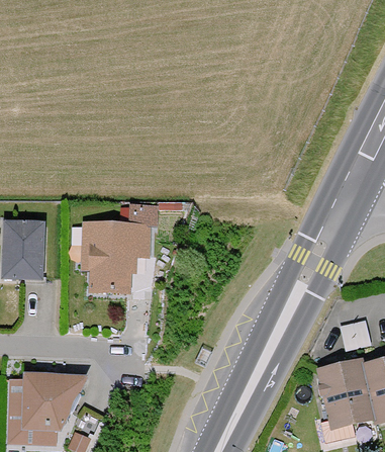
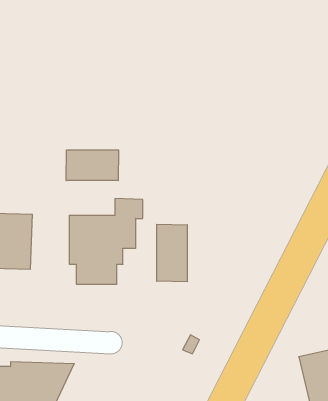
building: none -> [66,150,119,181]
building: none -> [157,224,187,282]

